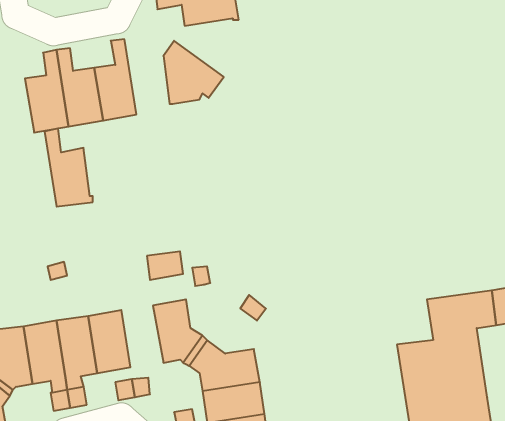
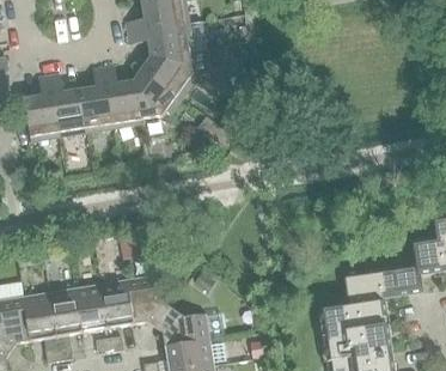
building: none -> [142,48,209,96]
building: [45,128,93,207] -> [103,63,141,126]
building: none -> [100,278,134,327]

